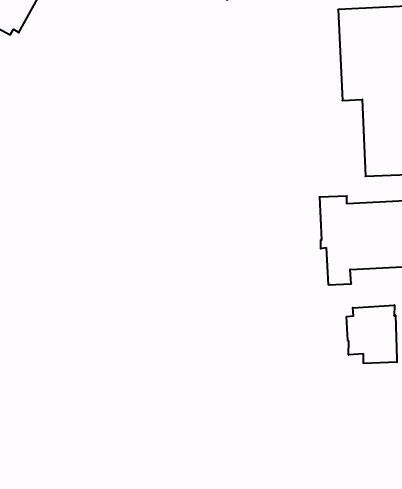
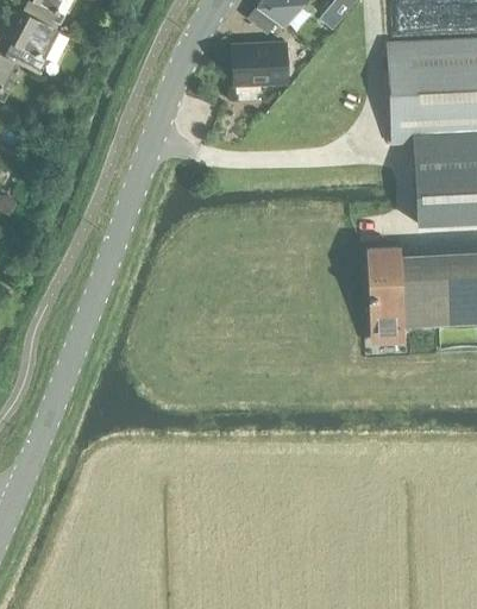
building: none -> [232,43,288,83]
building: [347,305,397,363] -> none

